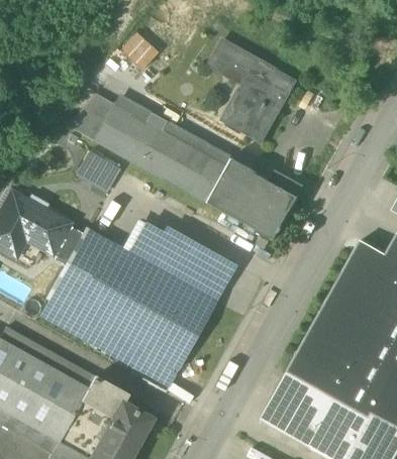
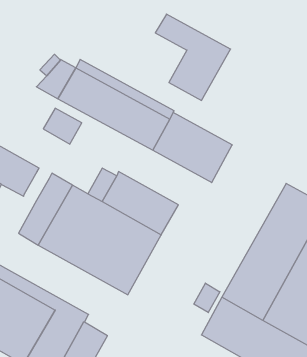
building: [118,32,157,71] -> none
building: [52,226,81,260] -> none
building: [38,301,174,386] -> none
building: none -> [194,283,220,313]

